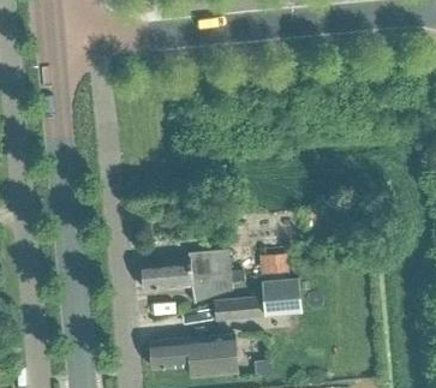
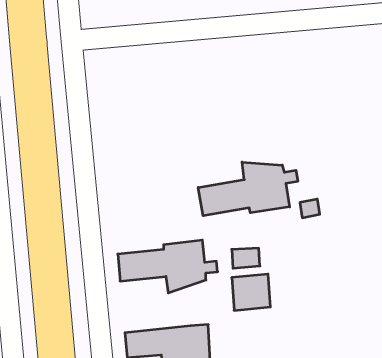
building: none -> [198,162,298,216]
building: [214,298,257,321] -> none

